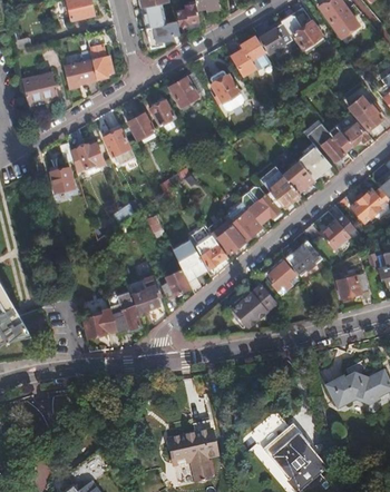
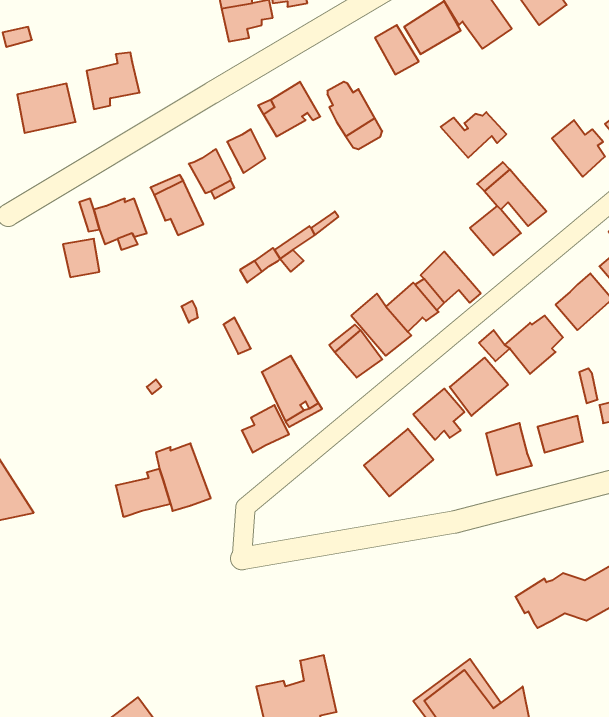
building: [88,35,113,78] -> none
building: [329,122,369,150] -> [441,112,506,158]
building: [282,160,316,191] -> none
building: [196,234,225,266] -> none
building: [133,274,160,314] -> none
building: none -> [486,423,532,475]

